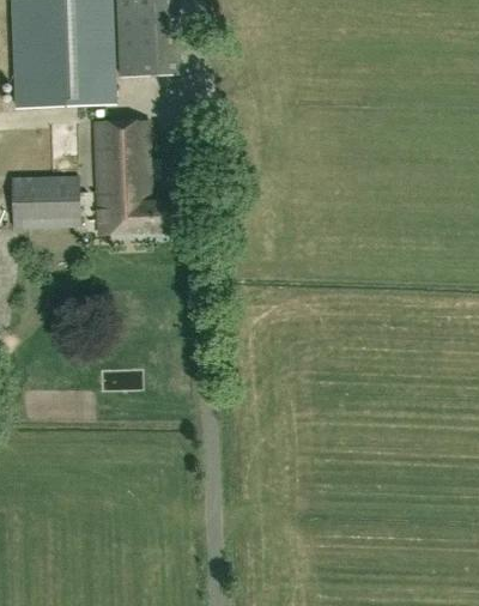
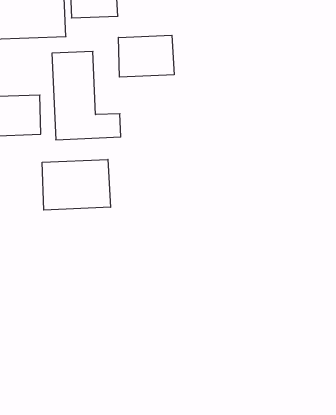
building: none -> [118,35,174,77]
building: none -> [42,159,111,210]

